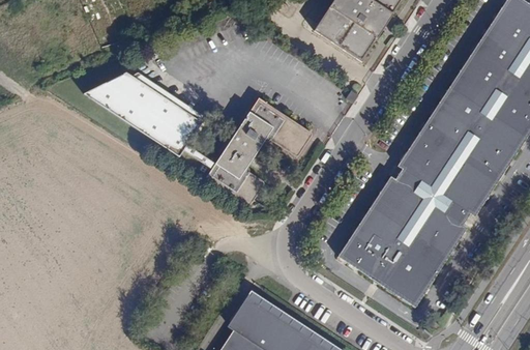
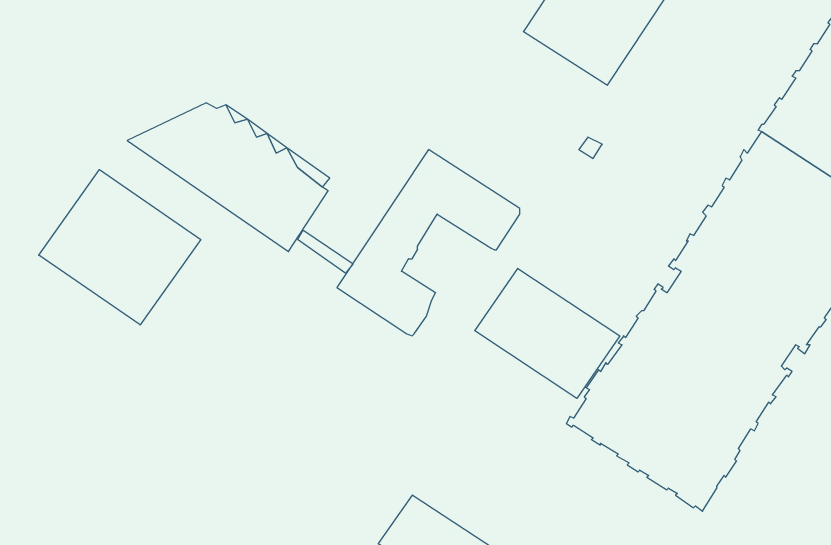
building: none -> [39,170,201,325]
building: none -> [475,268,620,398]

